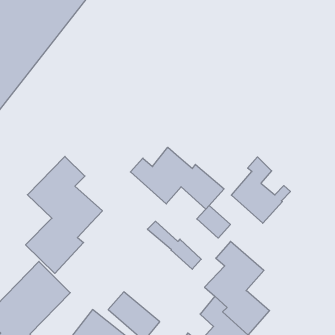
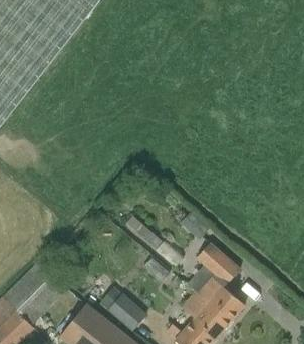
building: [130,147,224,209] -> none
building: [26,156,102,273] -> none
building: [231,157,290,223] -> none

